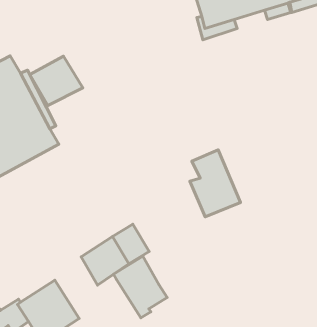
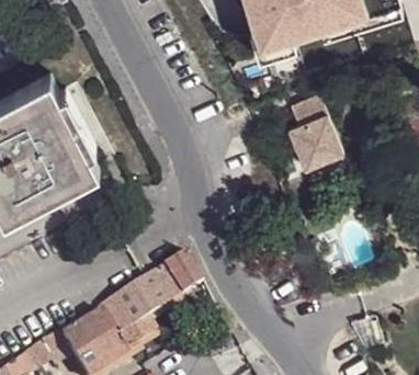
building: [30,56,83,106] -> none
building: [190,150,241,217] -> [287,99,342,171]
building: [113,256,167,318] -> [94,288,152,355]

